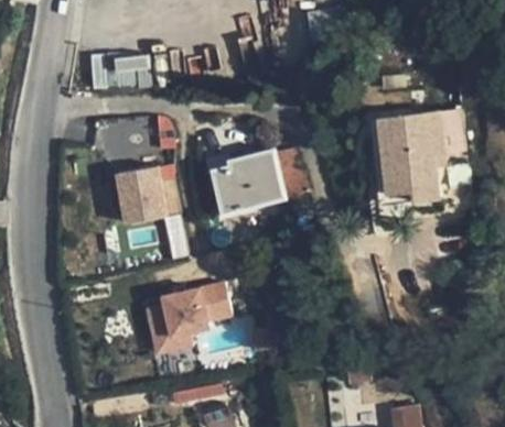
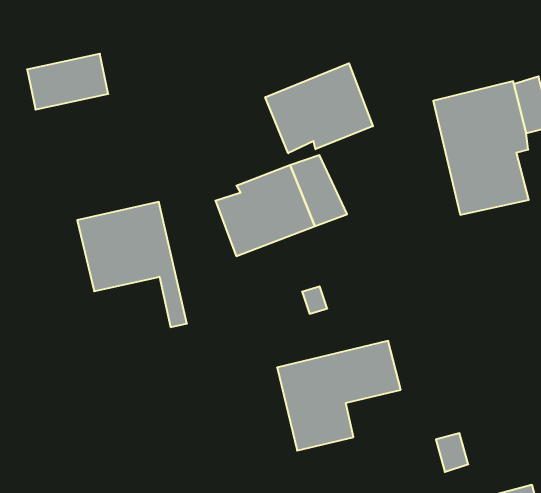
building: none -> [265,63,373,153]
building: [143,287,230,358] -> [277,341,401,451]

